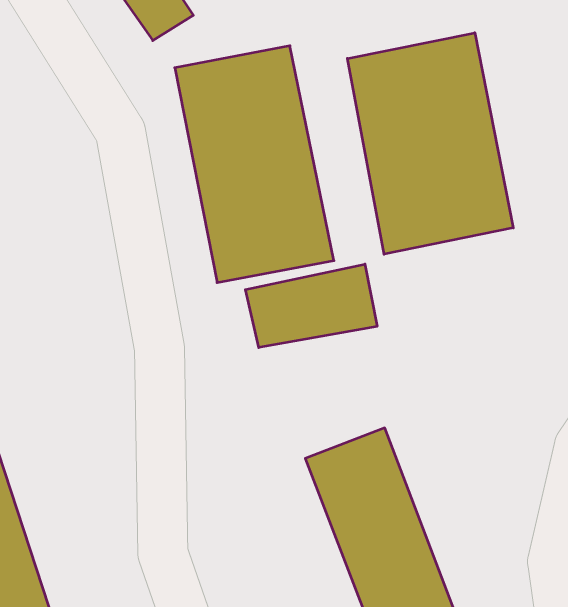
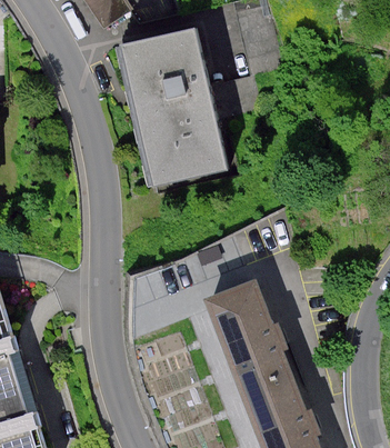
building: [347,33,513,254] -> none
building: [245,264,377,348] -> none

